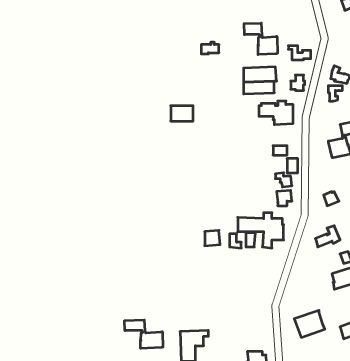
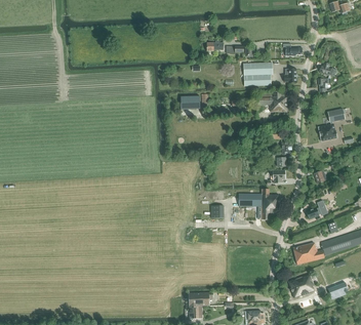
building: [244,23,277,55] -> none
building: none -> [292,241,324,265]
building: [125,320,163,348] -> none

